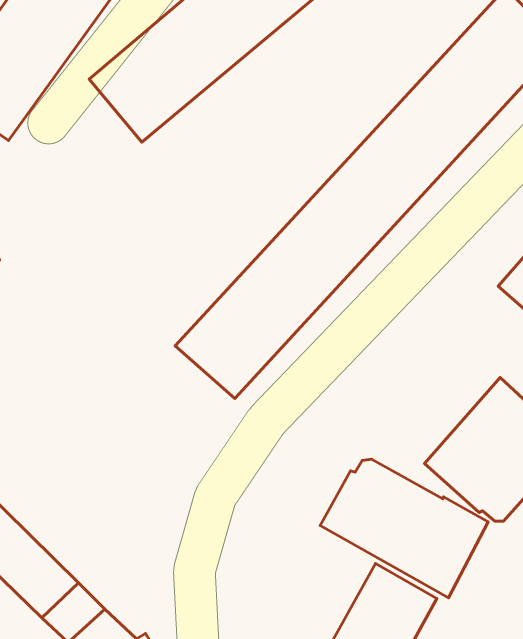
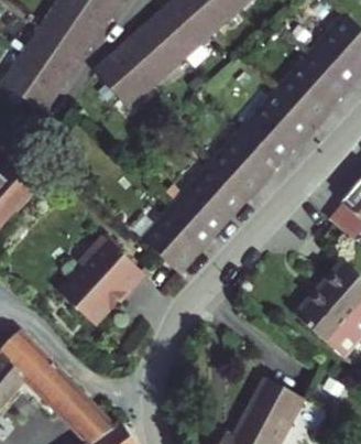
building: none -> [54,235,140,324]
building: [320,459,488,598] -> none

